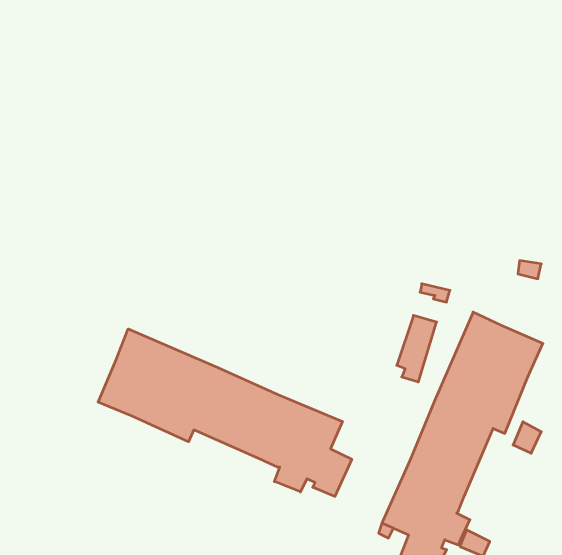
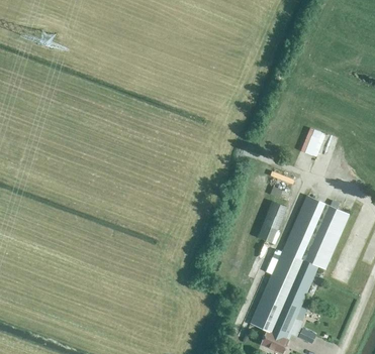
building: [98,329,352,496] -> none

